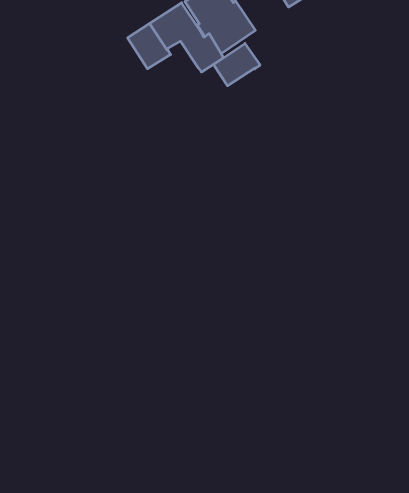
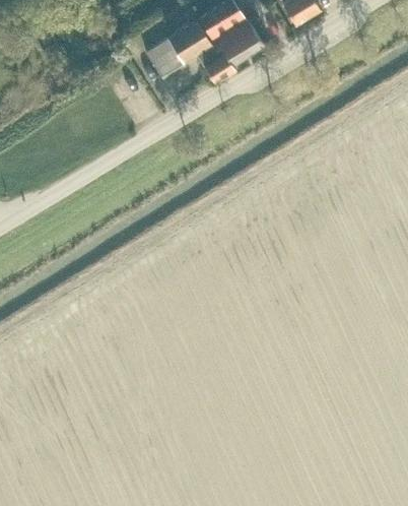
building: [213,43,260,86] -> none

